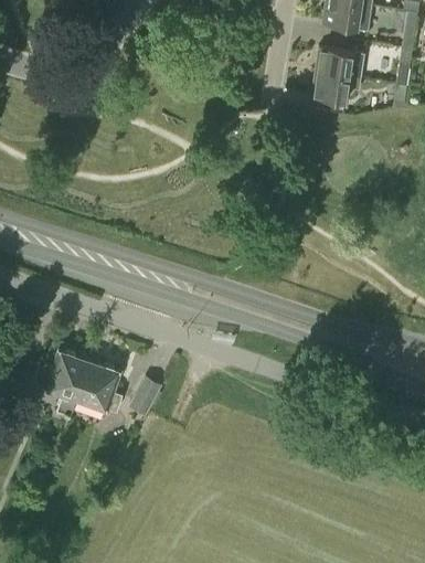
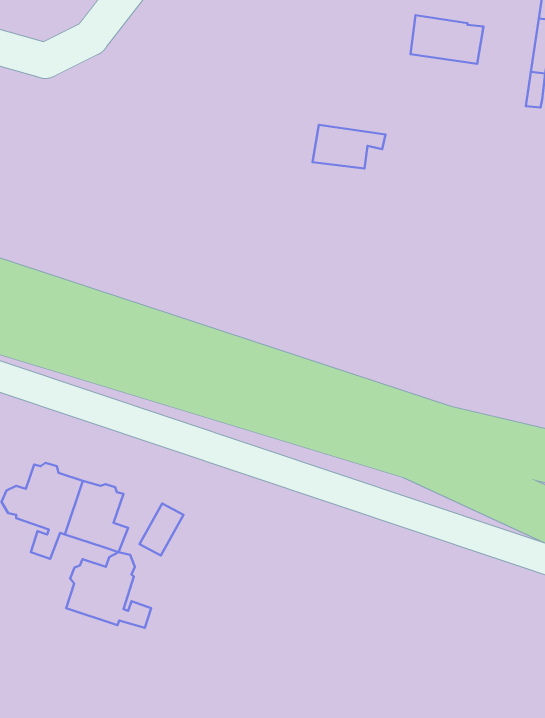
building: [310,74,360,104] -> [312,125,385,169]
building: none -> [66,552,151,628]

